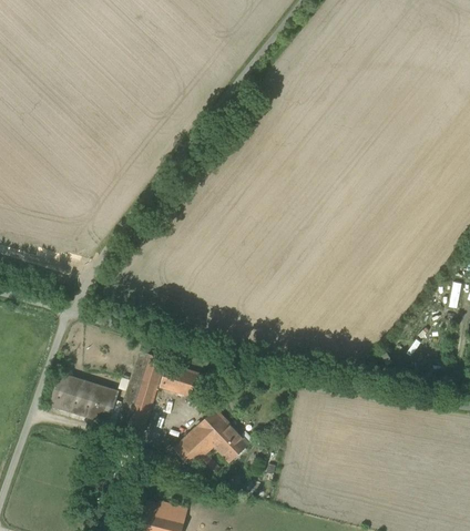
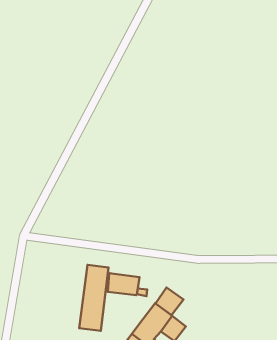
building: [50,372,117,422] -> none
building: none -> [156,288,183,315]

